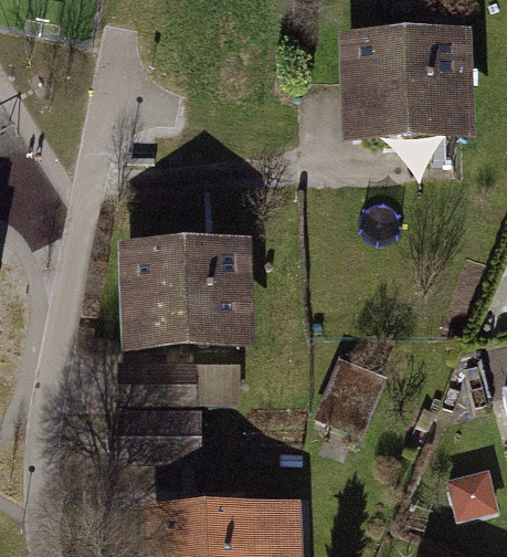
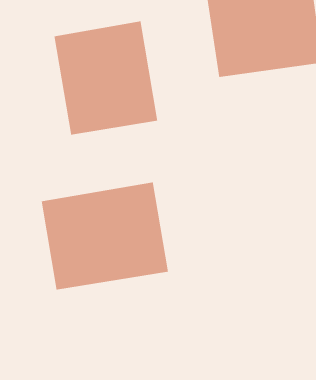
building: none -> [54,21,158,135]

